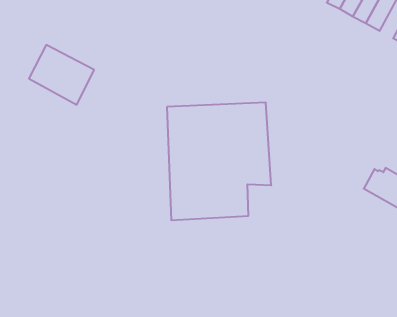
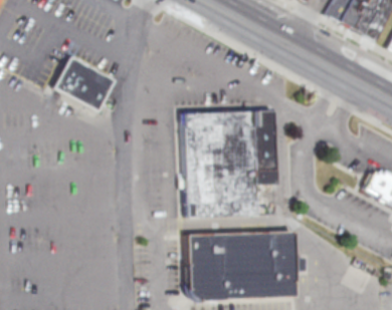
building: none -> [182,229,290,301]

